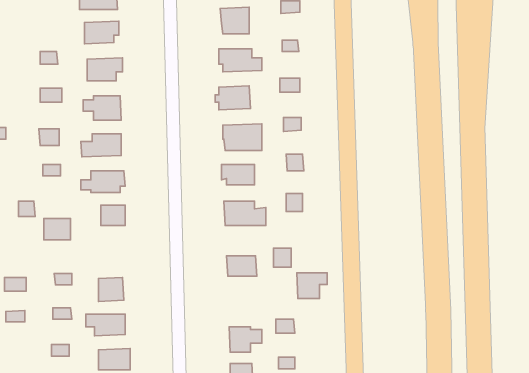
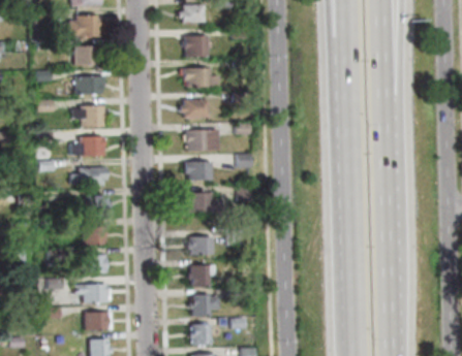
building: [44,218,71,240] -> [83,226,104,244]
building: [297,273,327,298] -> [190,265,215,286]

